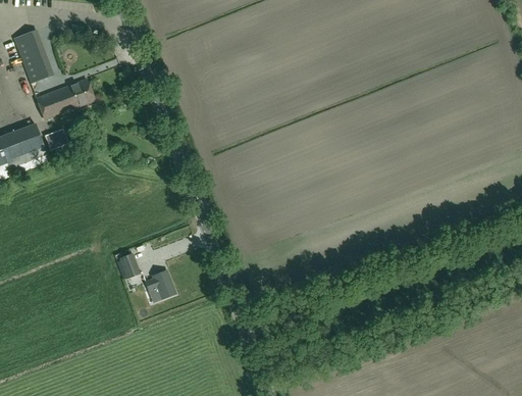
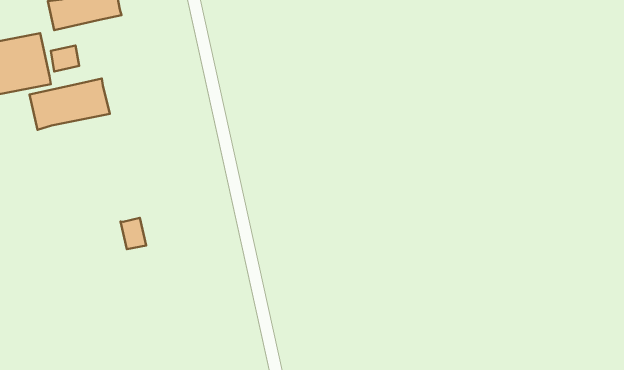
building: none -> [29,78,110,130]
building: [146,269,175,298] -> none

